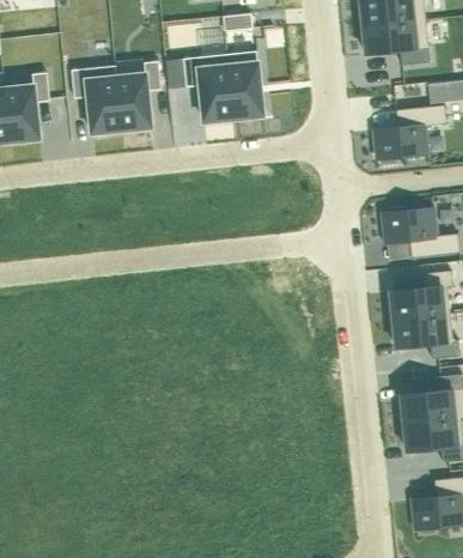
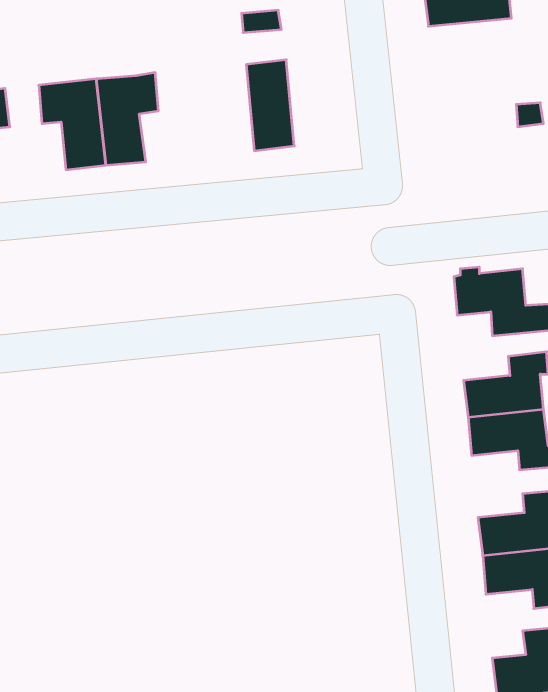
building: [363,19,430,65] -> none
building: [182,54,232,121] -> none
building: [372,104,446,163] -> none

